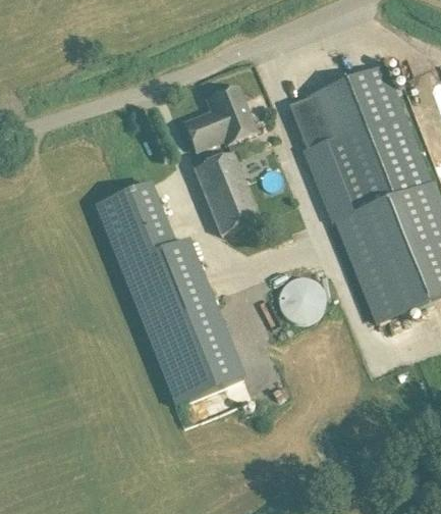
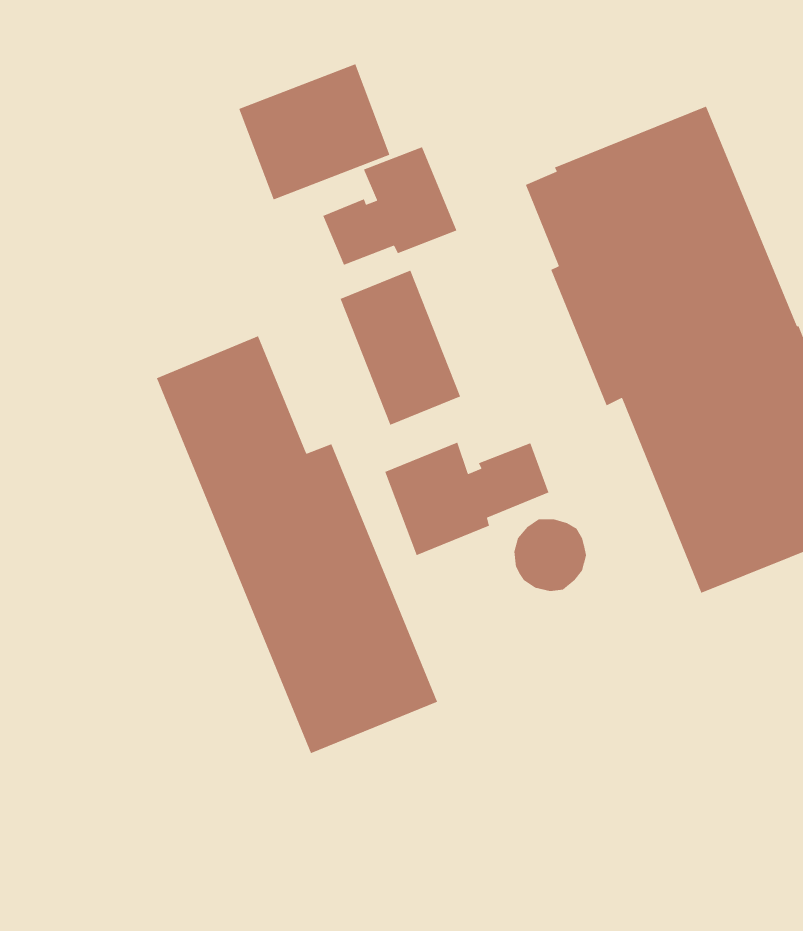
building: none -> [238,63,391,201]
building: none -> [384,442,549,556]

